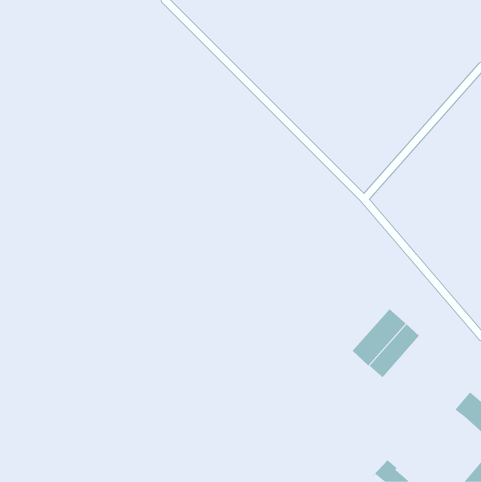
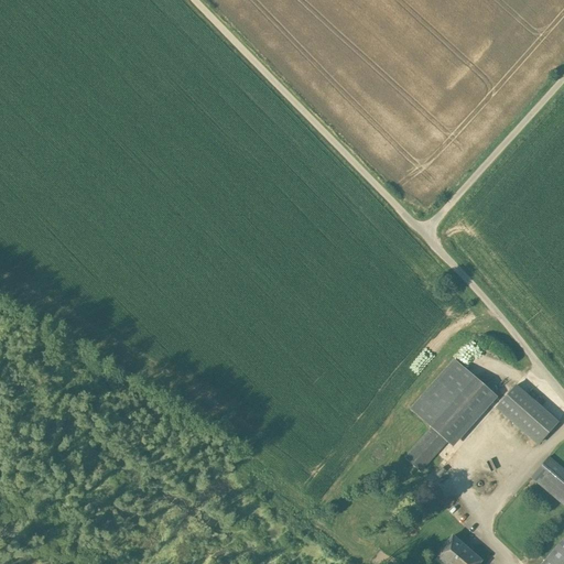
building: none -> [498,386,558,443]
building: none -> [406,427,448,470]

